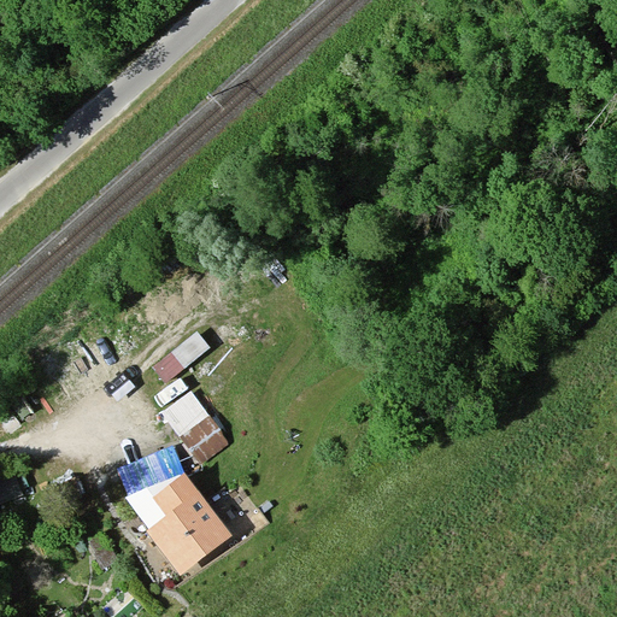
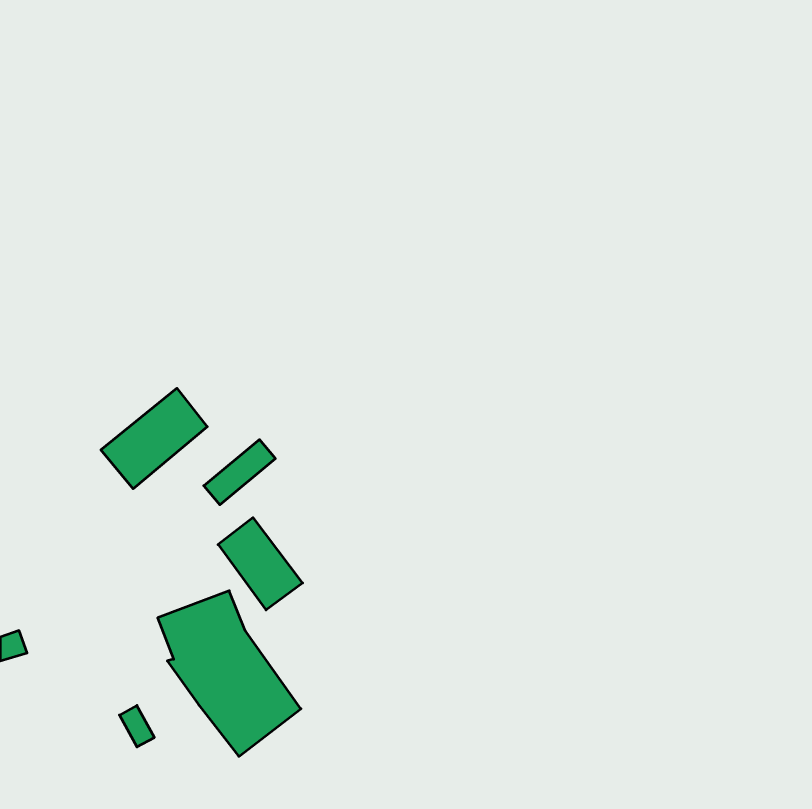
building: none -> [101,388,207,489]

